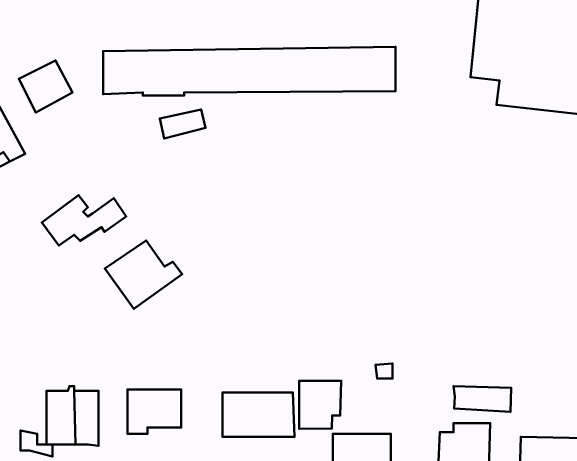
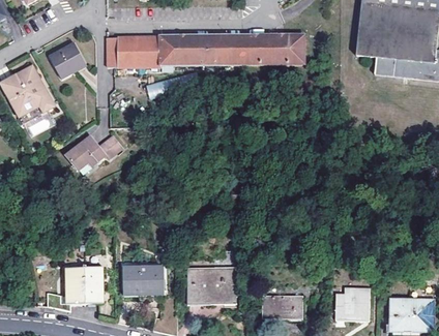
building: [105,240,182,309] -> none
building: [299,381,341,429] -> none
building: [453,386,511,412] -> none

